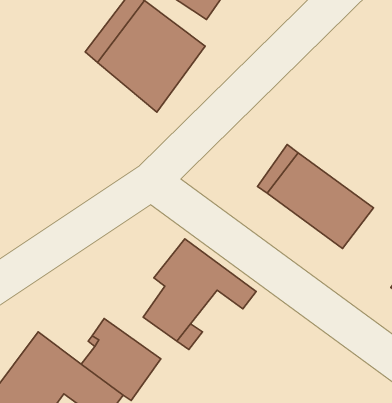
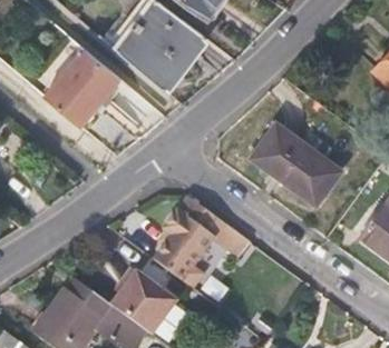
building: none -> [42,50,118,128]

